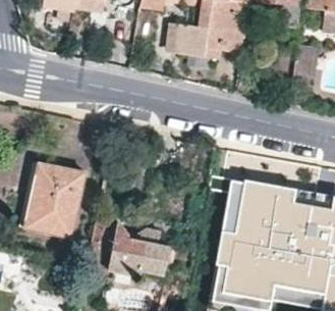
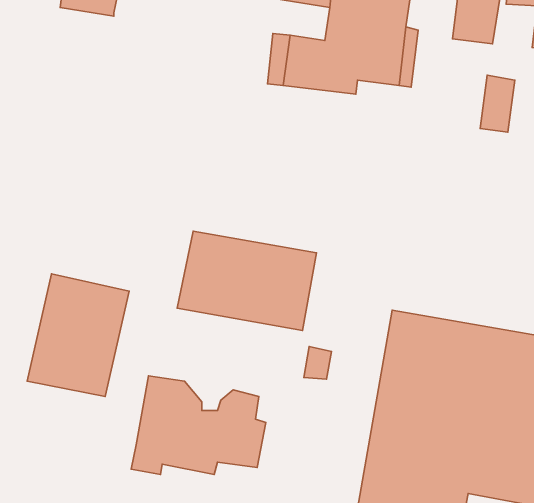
building: none -> [177,231,317,330]

